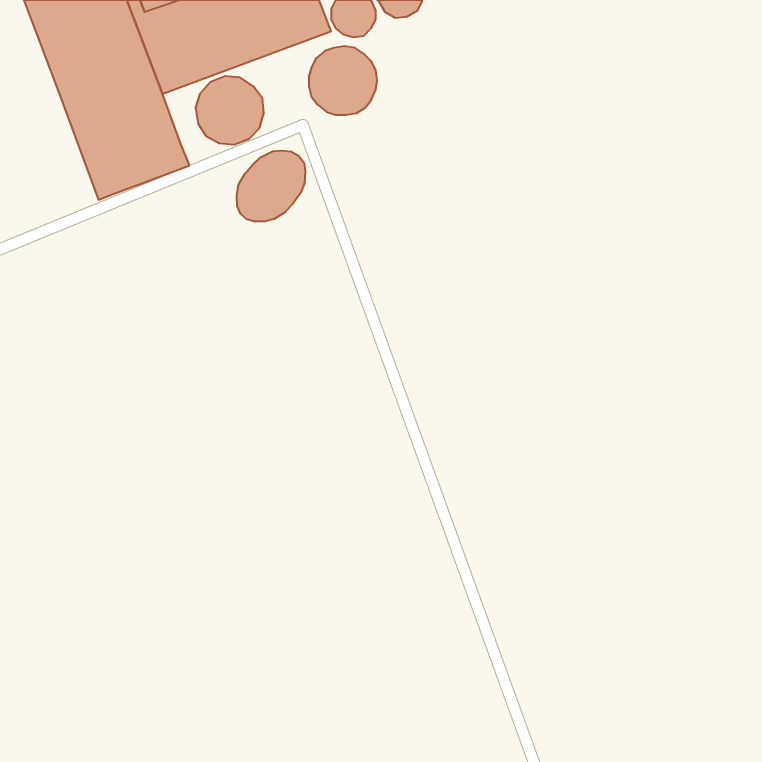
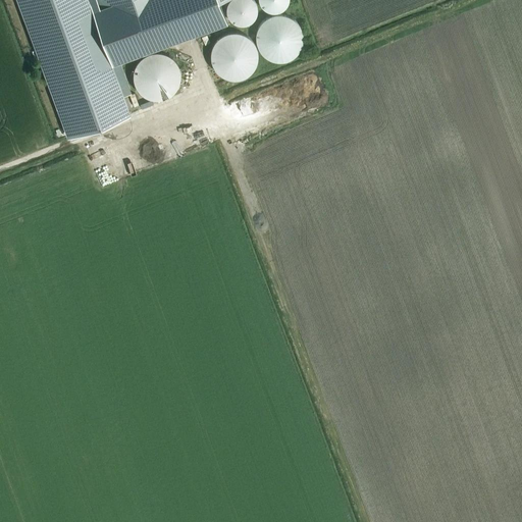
building: none -> [256,13,303,61]
building: [237,151,305,222] -> none

